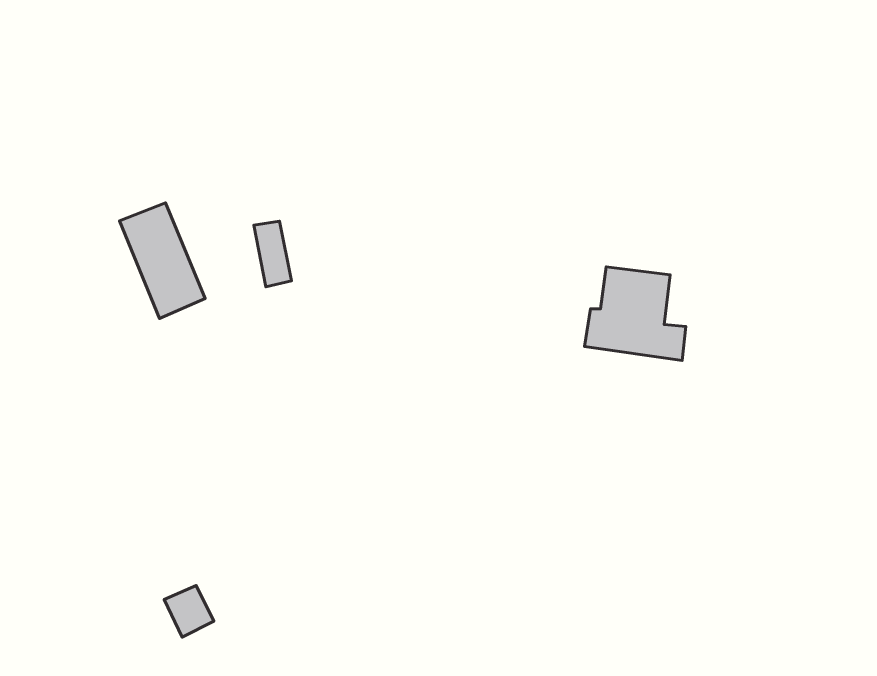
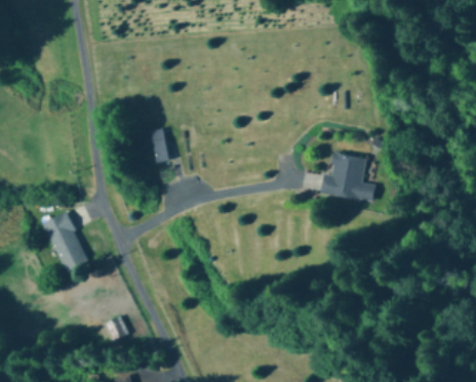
building: [120,203,205,318] -> [44,212,88,271]

